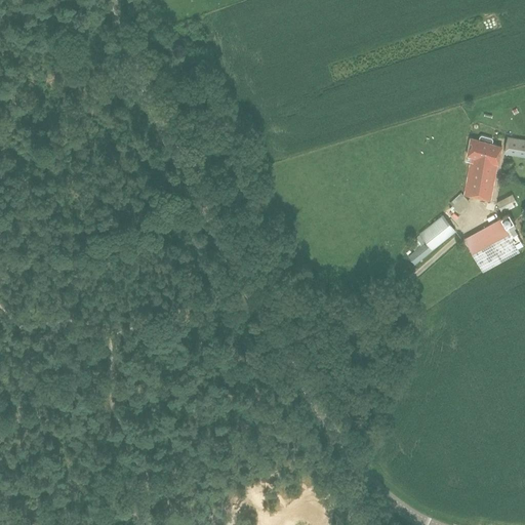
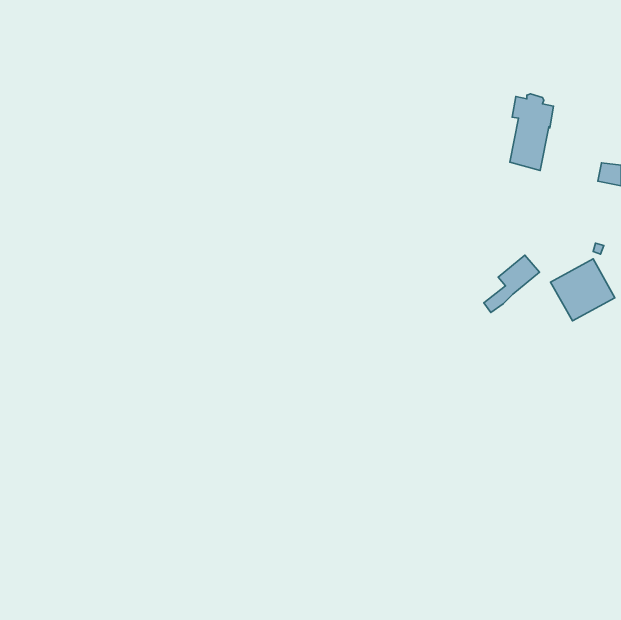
building: [465,136,501,201] -> [510,94,554,171]

